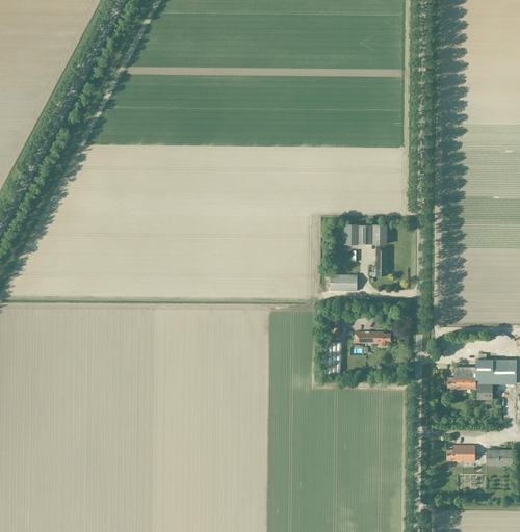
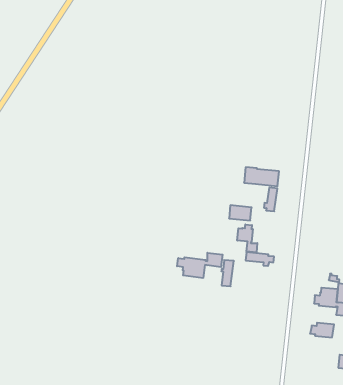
building: none -> [237,224,257,252]
building: none -> [177,253,223,278]
building: [446,445,475,461] -> [310,323,334,337]

